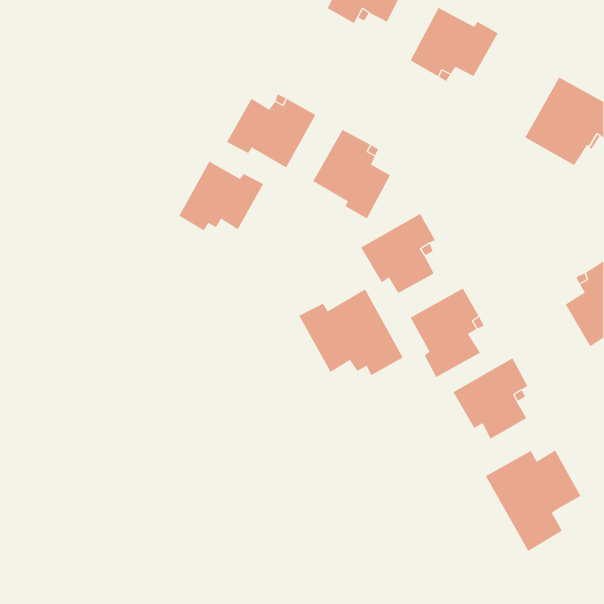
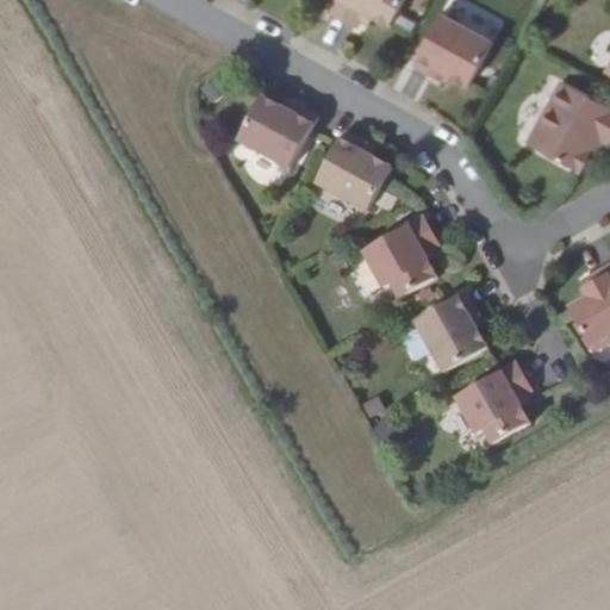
building: [178,161,264,231] -> none
building: [298,288,404,376] -> none
building: [485,450,581,552] -> none

